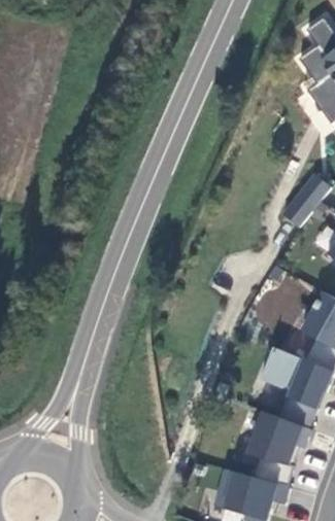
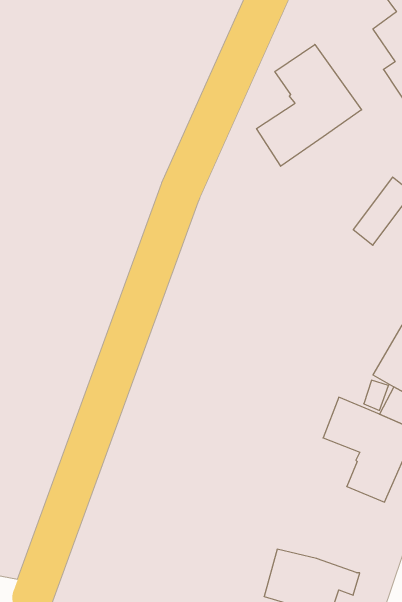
building: none -> [257,44,362,166]
building: [245,412,308,485] -> none

